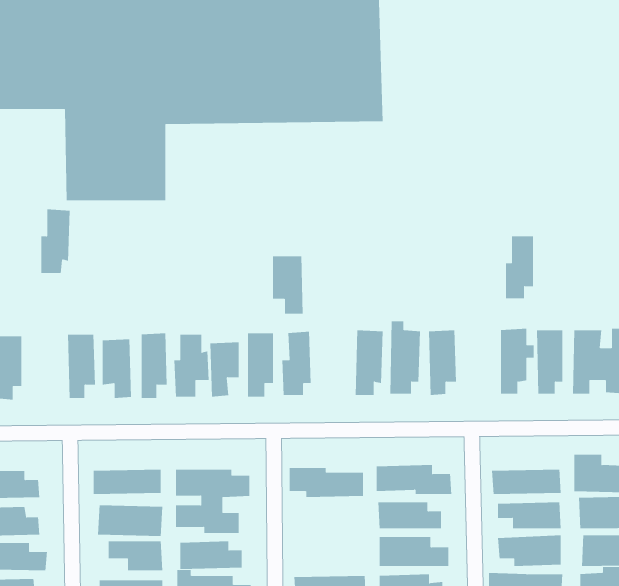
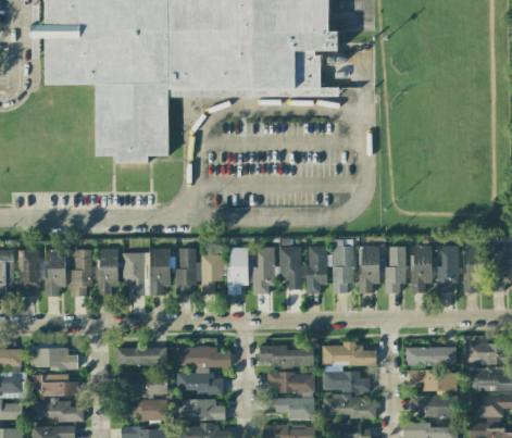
building: [40,209,70,273] -> [71,249,92,296]
building: [505,236,534,299] -> [385,247,405,292]
building: [272,256,303,314] -> [279,247,302,289]
building: none -> [267,373,314,392]
building: none -> [275,398,314,420]

